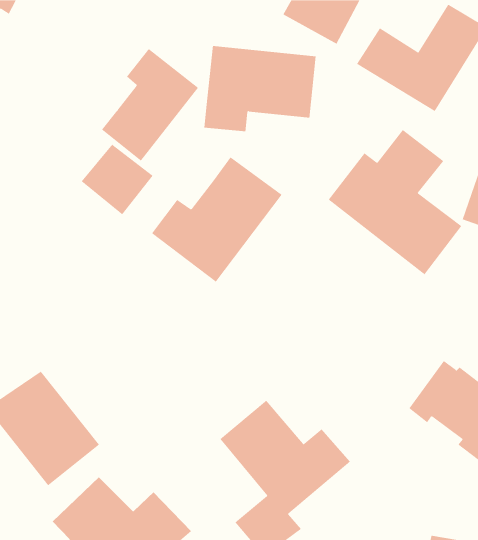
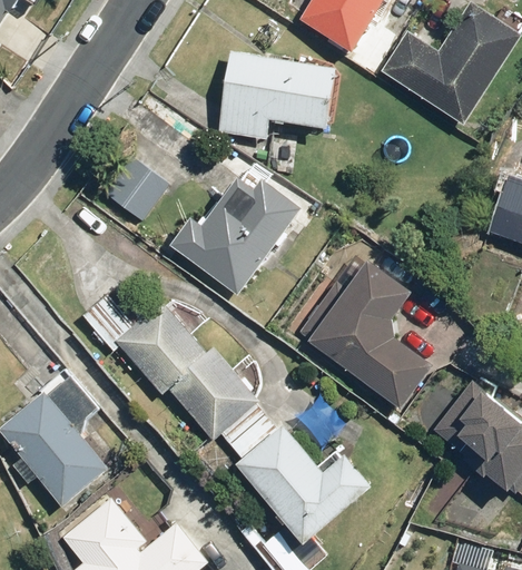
building: [101,48,199,162] -> none
building: [328,129,462,275] -> [294,259,434,412]
building: none -> [111,299,260,445]

